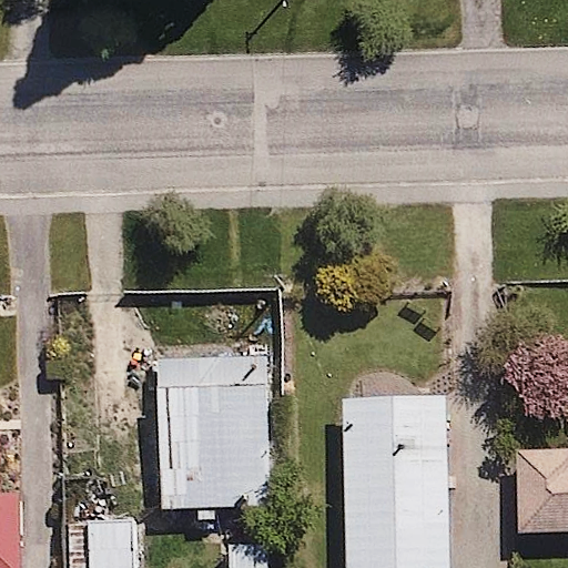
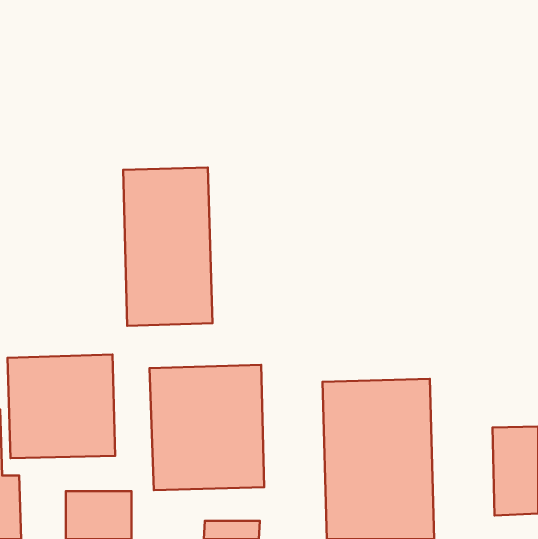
building: none -> [123,167,213,326]
building: none -> [8,355,115,458]

